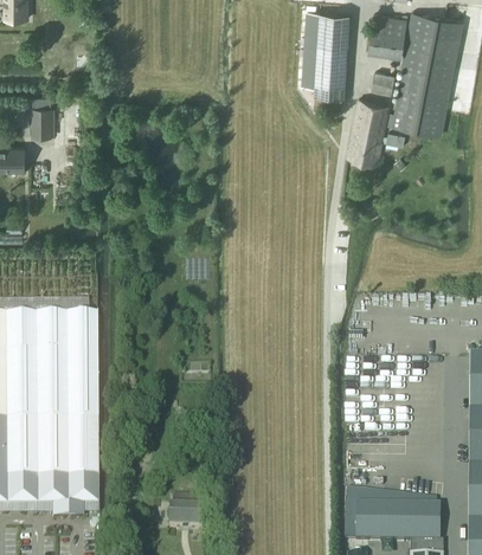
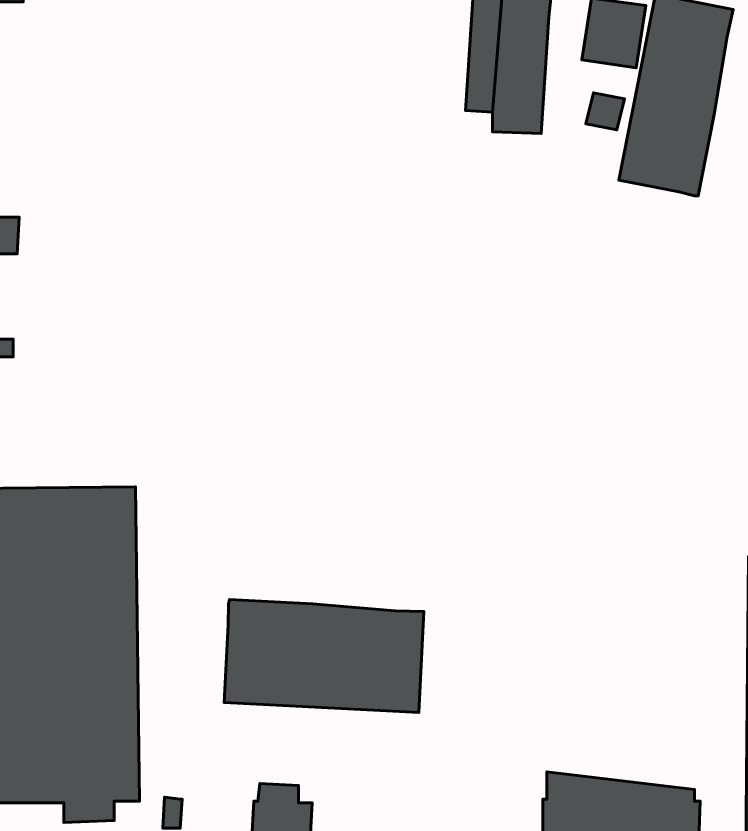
building: [348,99,406,163] -> none
building: [33,108,52,136] -> none
building: none -> [224,599,424,712]

